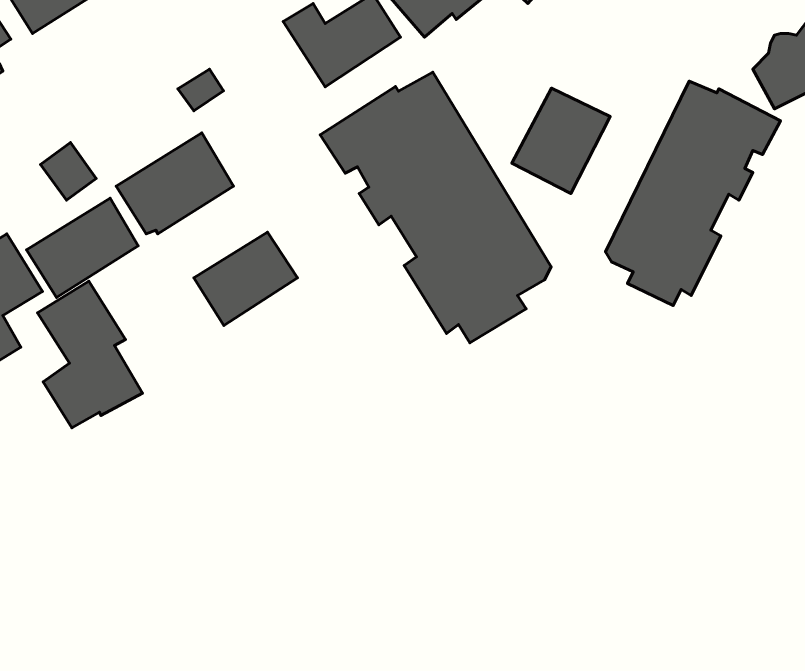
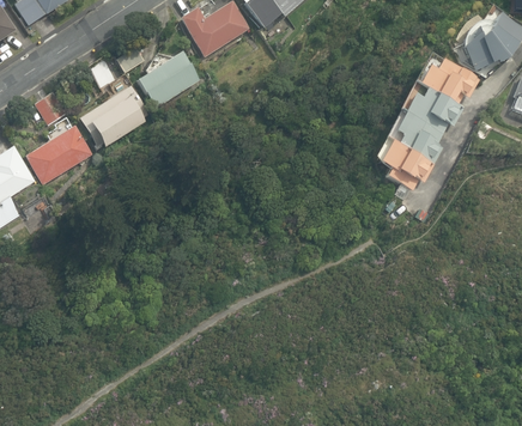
building: [320,72,551,343] -> none
building: [512,88,610,193] -> none
building: [194,232,297,325] -> [138,51,200,108]
building: [38,281,142,428] -> none

